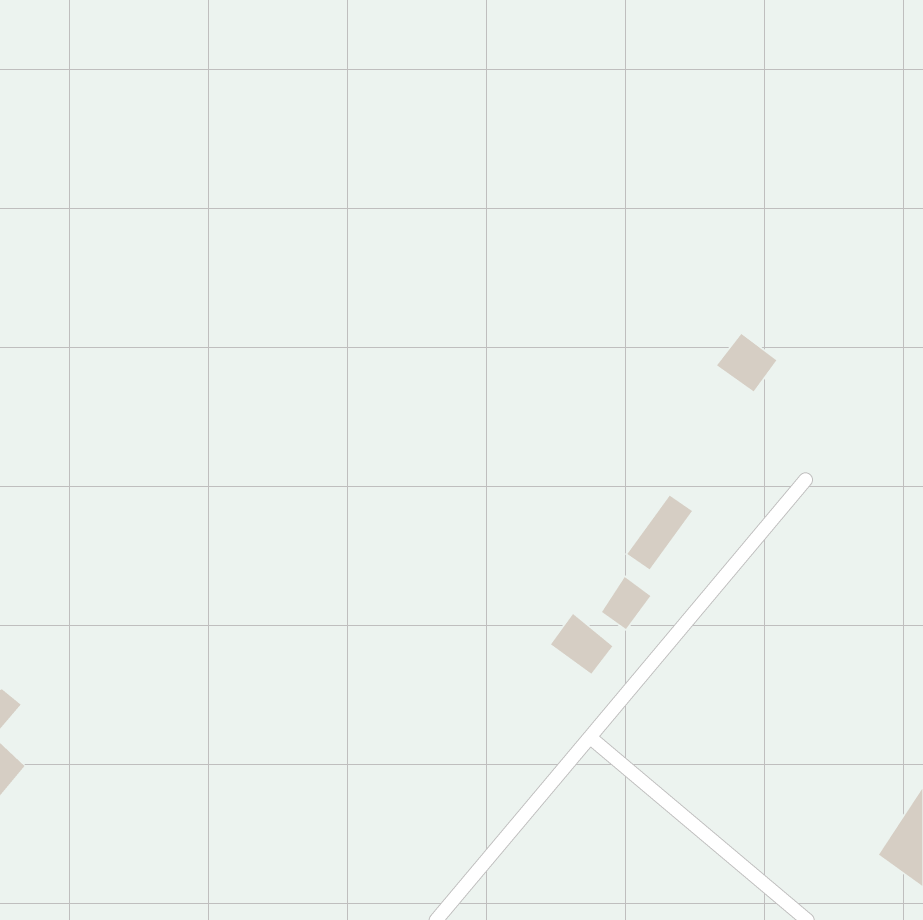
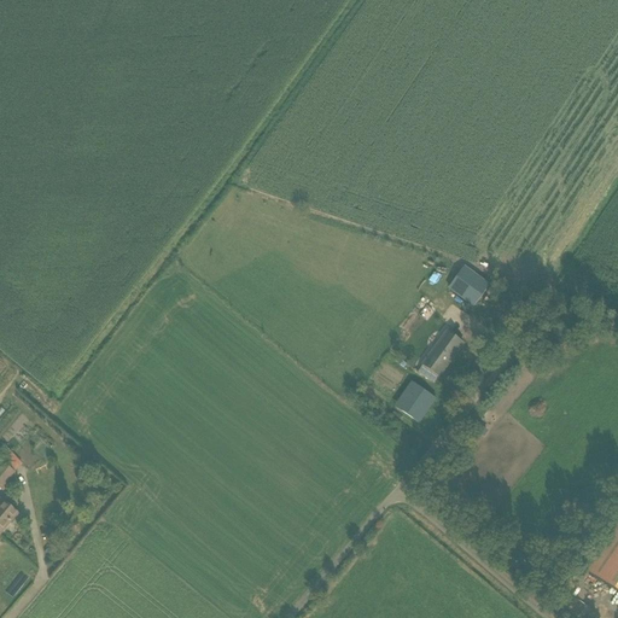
building: [716,333,778,393] -> [447,263,488,303]
building: [550,613,613,675] -> none

